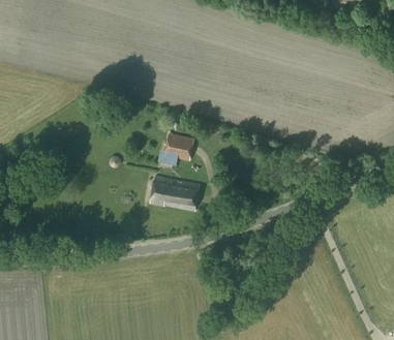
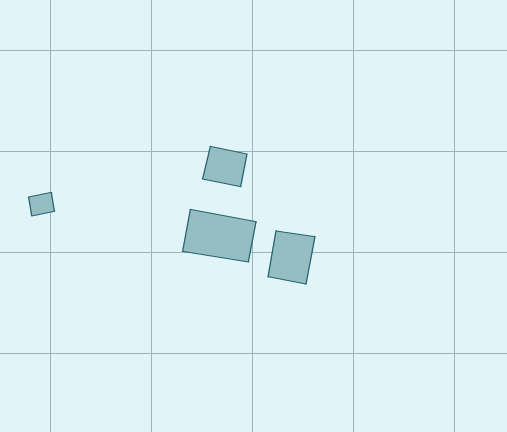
building: none -> [268,231,315,284]

